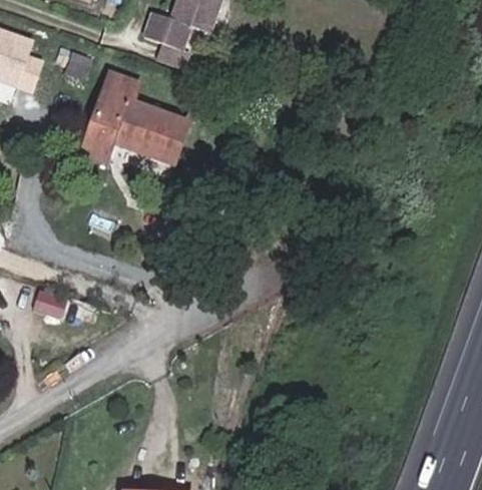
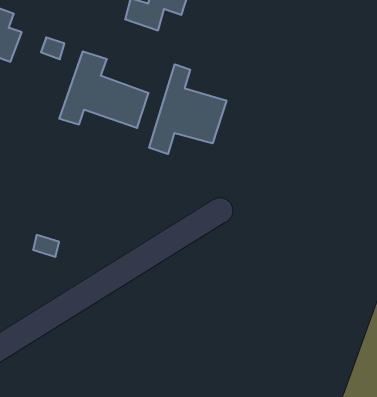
building: none -> [149,64,226,154]

